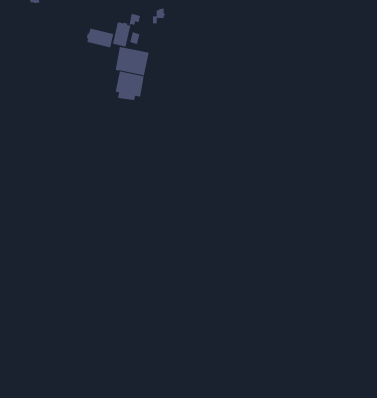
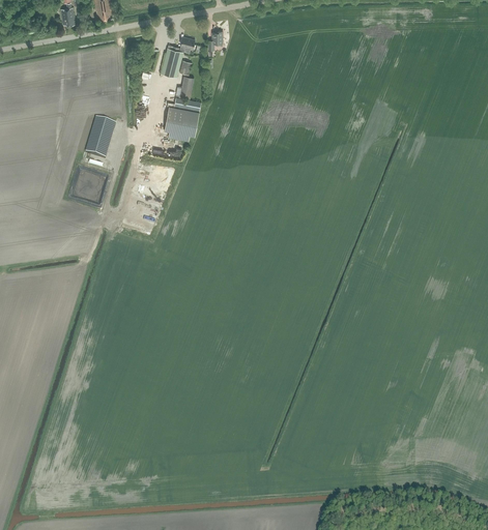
building: [86,28,114,48] -> none
building: none -> [85,117,116,157]

